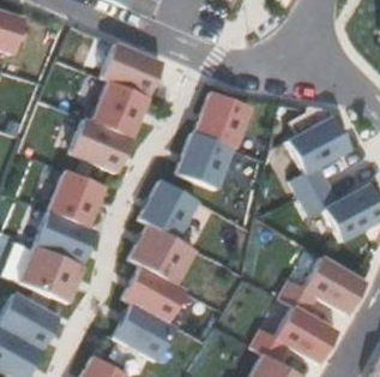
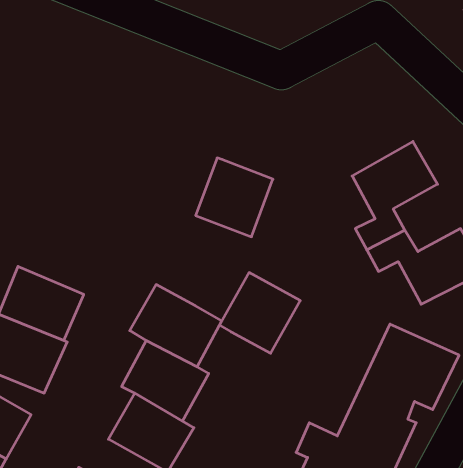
building: [72,43,165,173] -> none
building: [198,92,253,149] -> none
building: [49,170,105,228] -> none
building: [141,181,200,240] -> [220,273,300,353]

